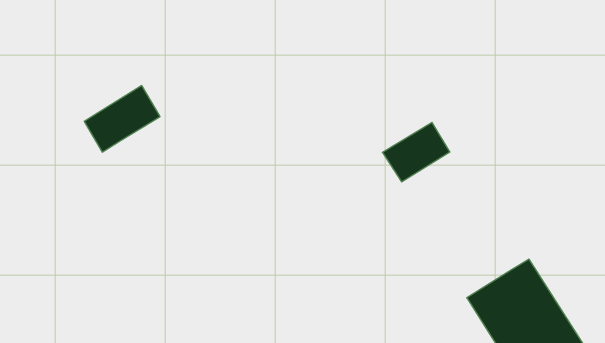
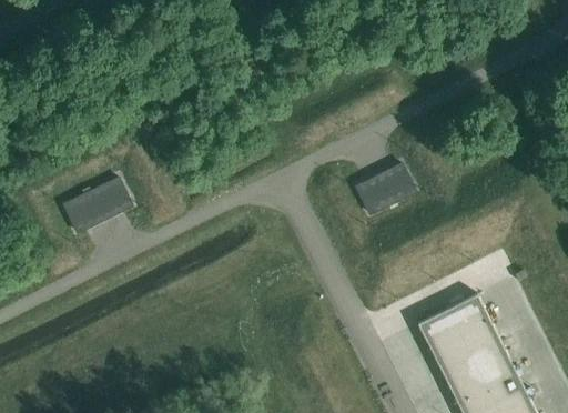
building: [84,86,160,152] -> [64,178,132,233]

